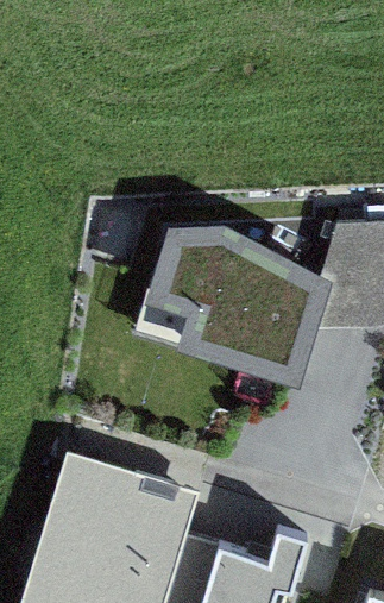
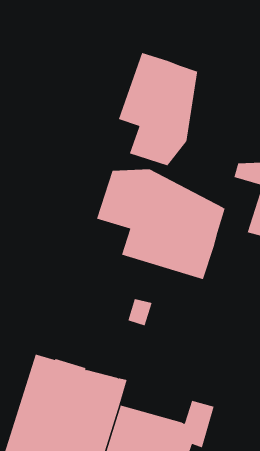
building: none -> [118,52,198,166]

